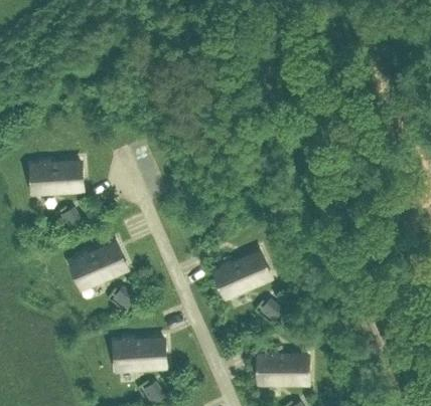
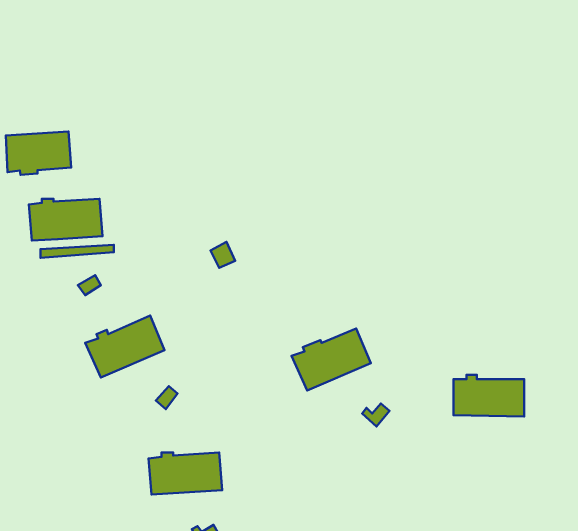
building: none -> [6,131,71,175]
building: [258,353,307,382] -> [454,375,524,417]

